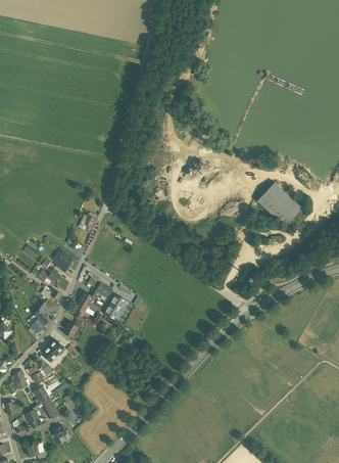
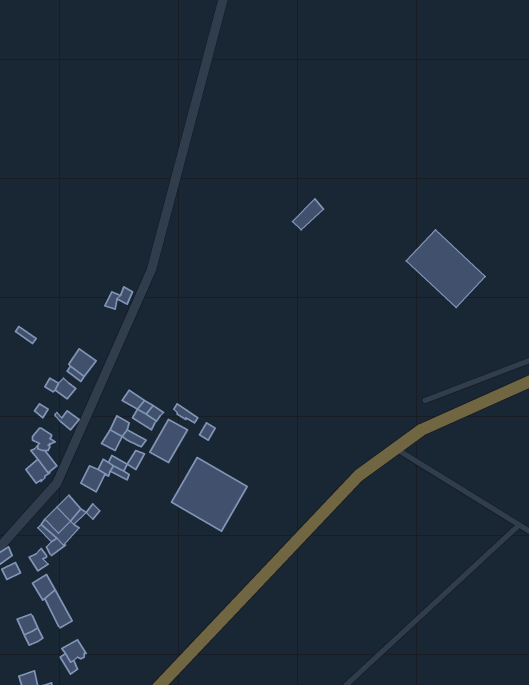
building: none -> [172,458,247,531]

